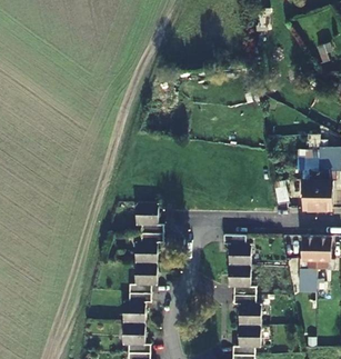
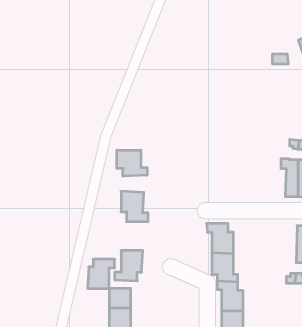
building: none -> [117,150,147,176]
building: [134,235,162,265] -> [88,259,115,288]
building: [297,238,315,277] -> none

